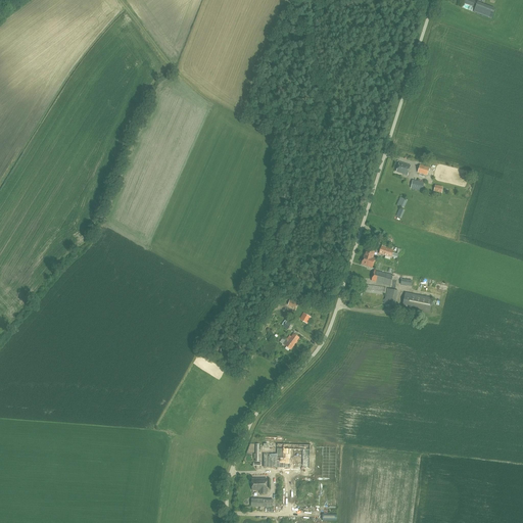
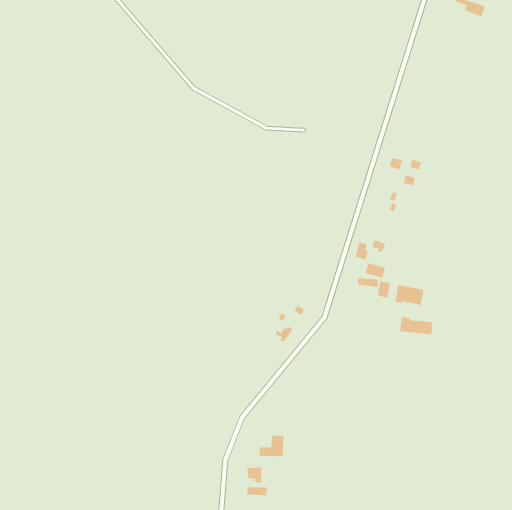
building: none -> [400,316,434,335]

